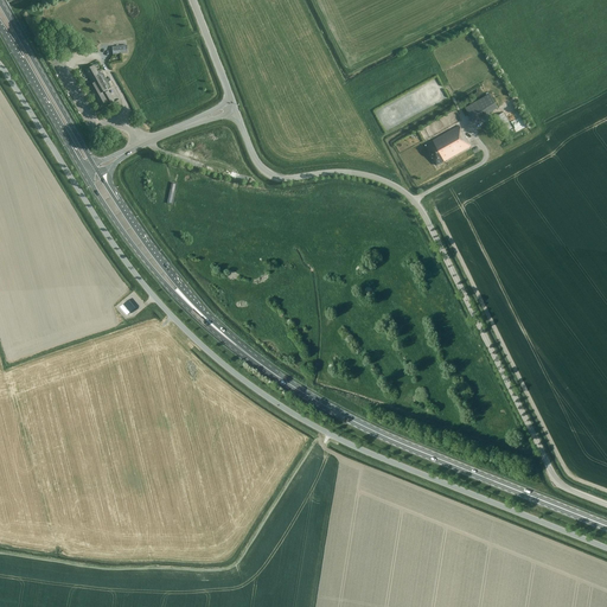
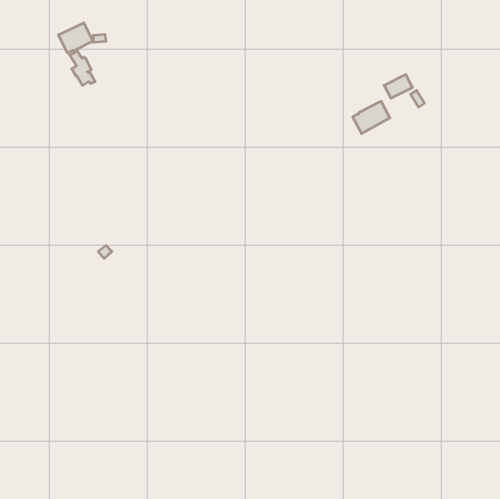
building: none -> [58,23,93,53]

